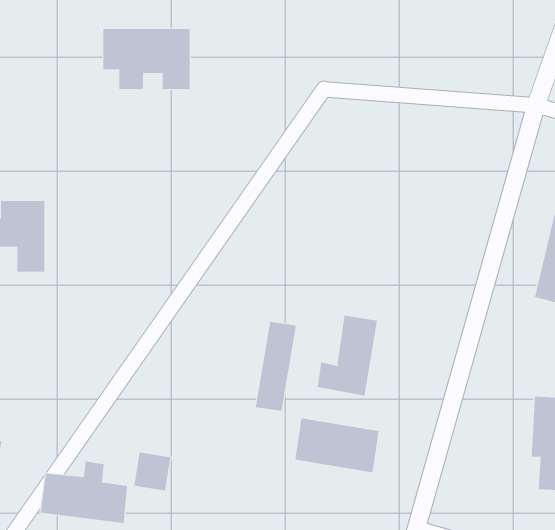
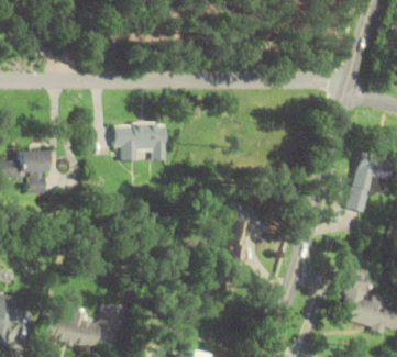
building: [102,28,191,90] -> [113,123,167,160]
building: [255,321,296,411] -> none
building: [295,418,379,473] -> none

